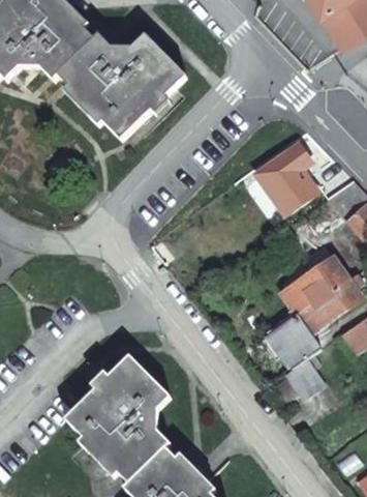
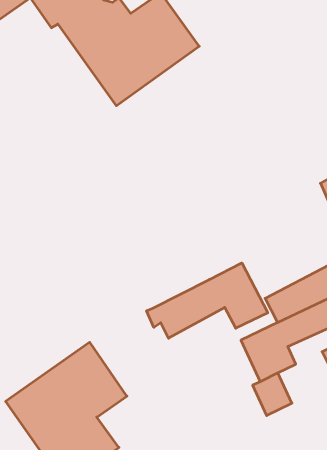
building: [252,141,313,213] -> none
building: none -> [147,263,268,338]

